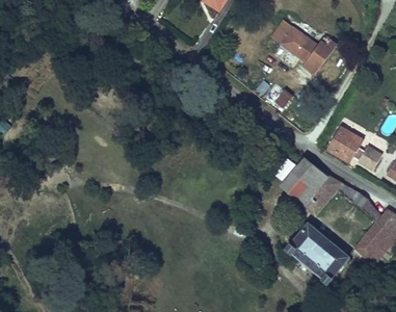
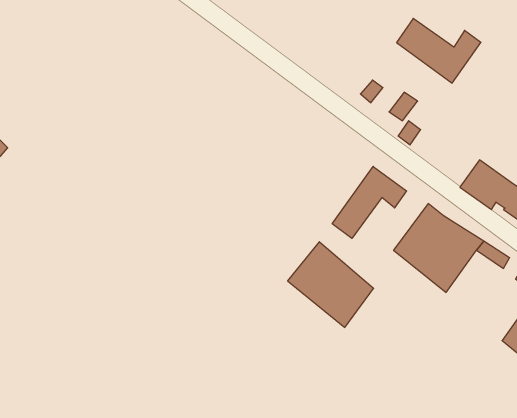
building: none -> [332,166,407,238]
building: [284,224,343,283] -> [288,242,374,327]

